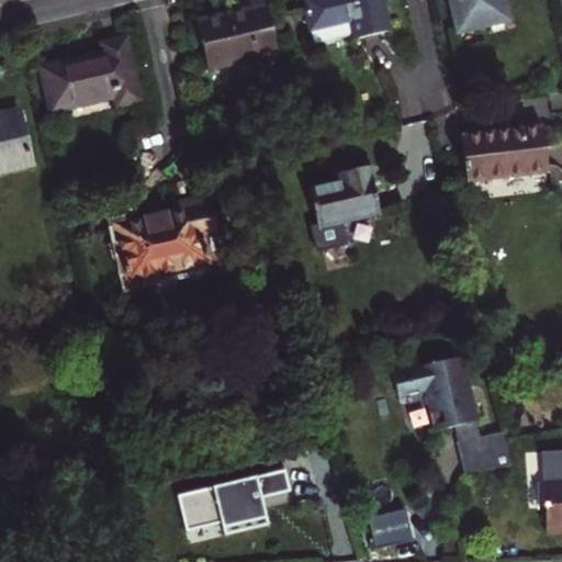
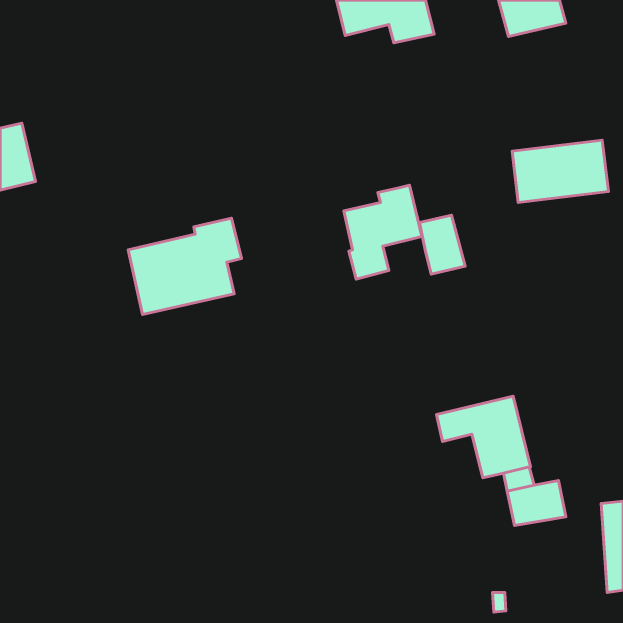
building: [196,7,278,69] -> none
building: [42,40,139,111] -> none
building: none -> [419,215,465,274]
building: [177,469,290,532] -> none
building: [370,509,412,549] -> none

